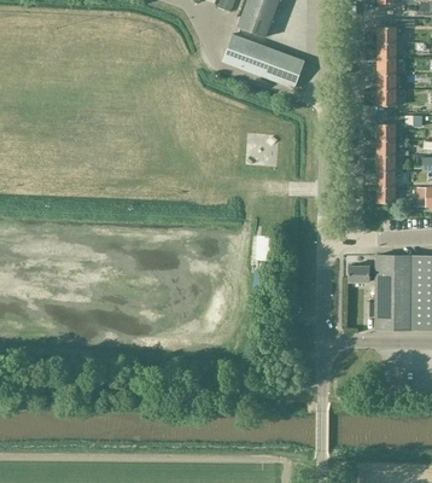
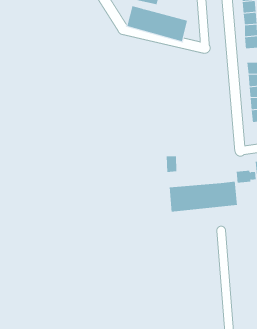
building: none -> [169,181,237,213]

